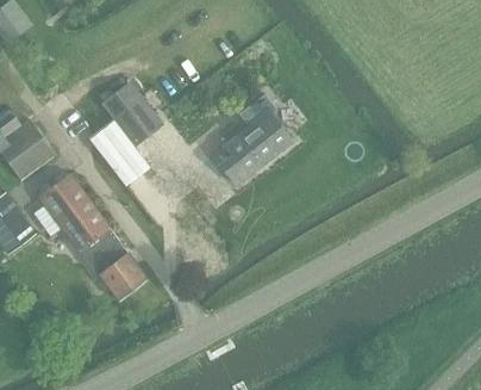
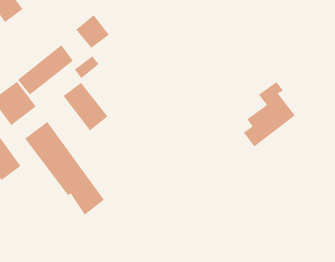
building: none -> [17,44,74,96]
building: [219,94,291,184] -> [243,81,296,148]
building: [113,95,160,142] -> [75,14,110,49]

